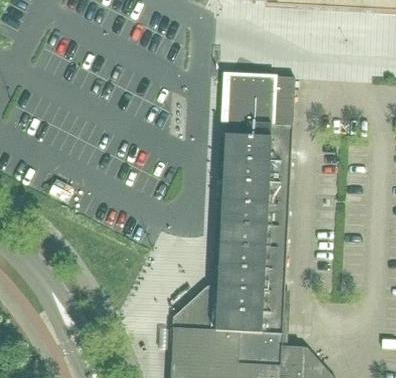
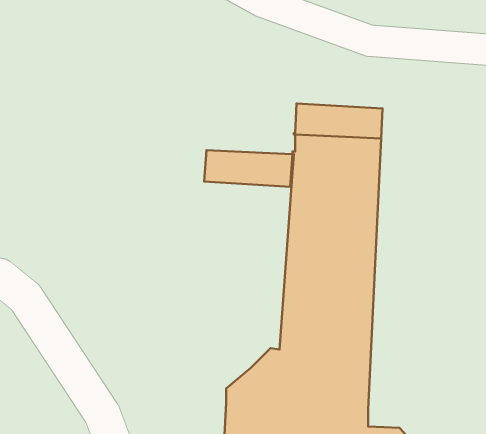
building: [228,72,296,100] -> [204,150,293,187]

